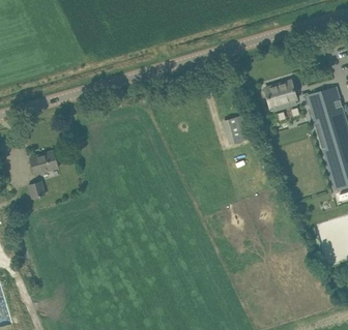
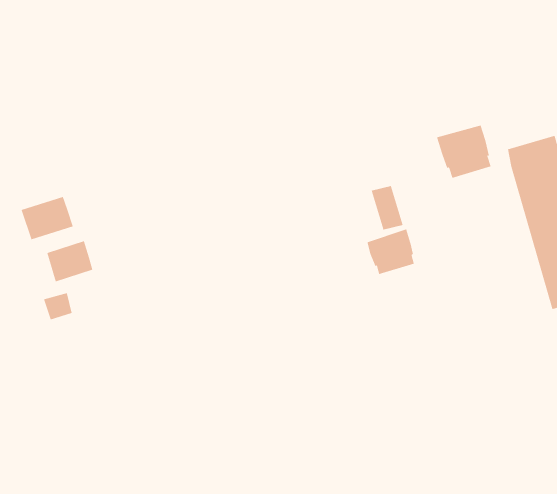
building: none -> [21,196,74,240]
building: none -> [367,229,415,275]

